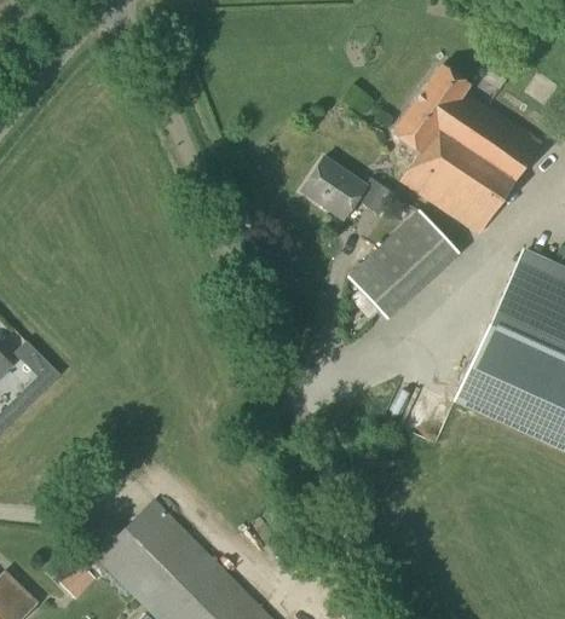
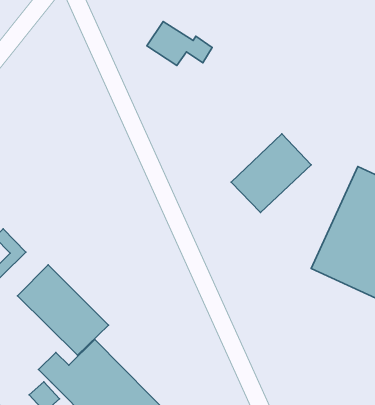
building: [392,65,541,236] -> none
building: [300,157,392,219] -> [147,22,212,66]
building: none -> [17,265,108,355]

